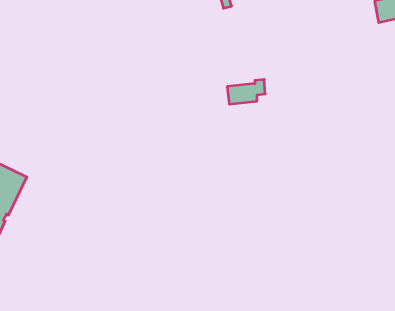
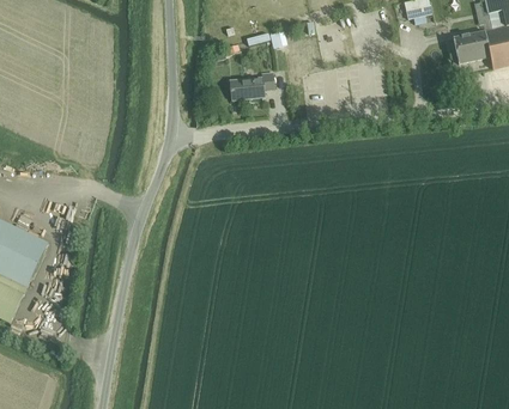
building: [227,79,265,104] -> [231,71,275,99]

